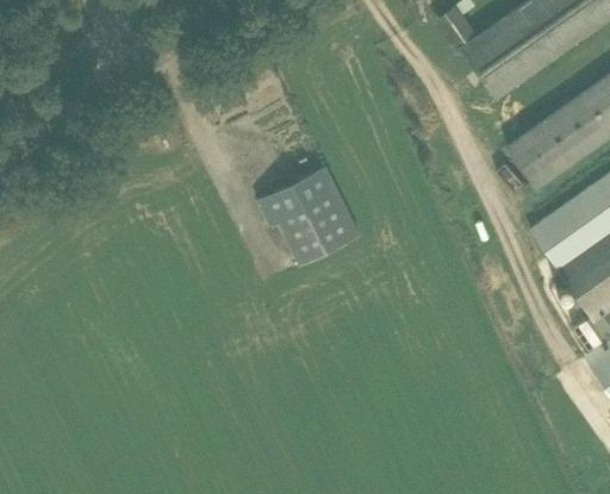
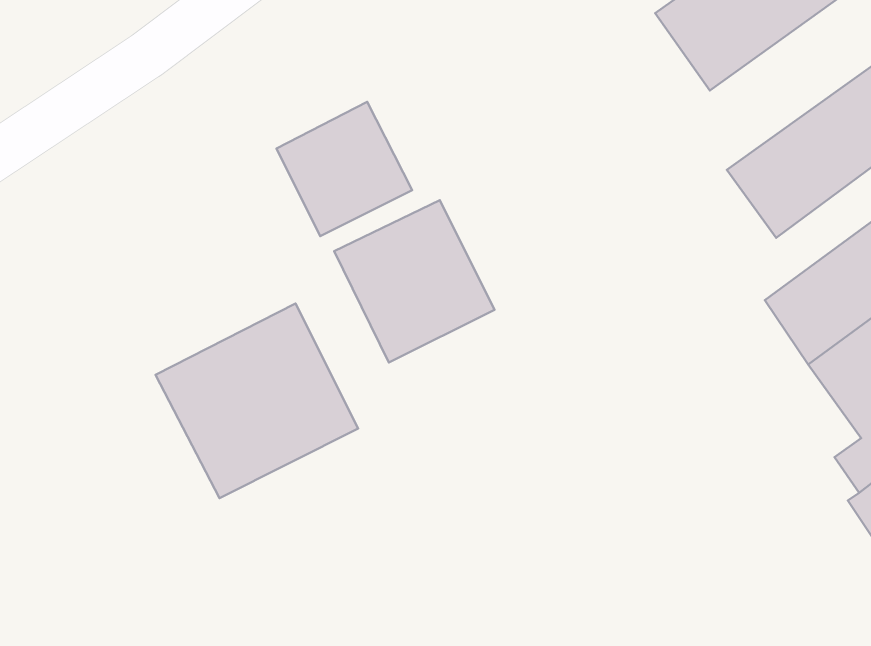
building: none -> [276,102,412,236]
building: none -> [155,304,358,498]

